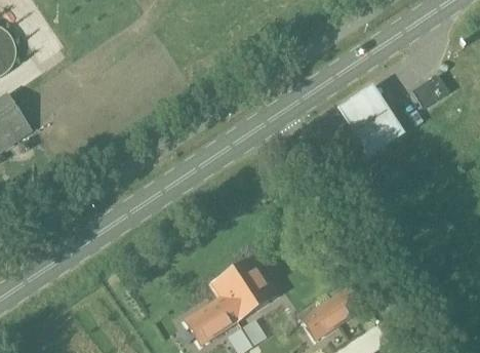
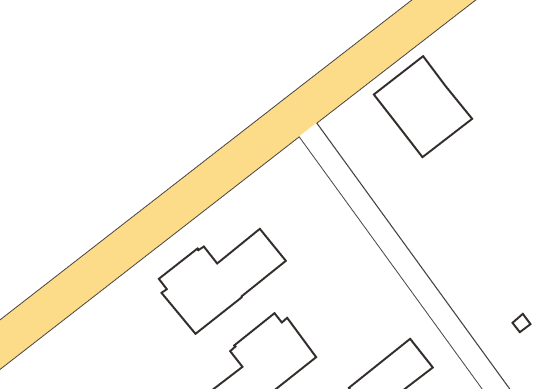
building: [411,74,448,109] -> none
building: none -> [159,229,286,334]

